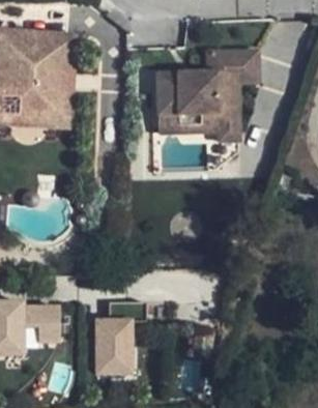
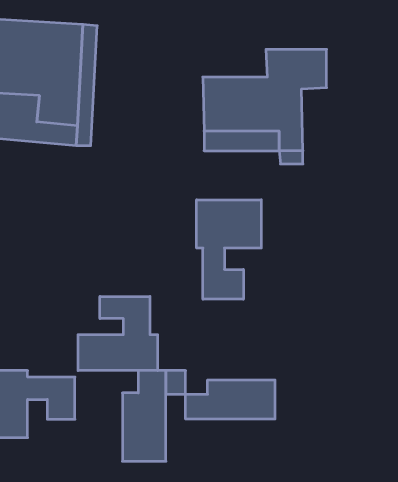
building: none -> [197,200,261,299]
building: none -> [78,296,158,371]
building: none -> [186,380,275,419]

